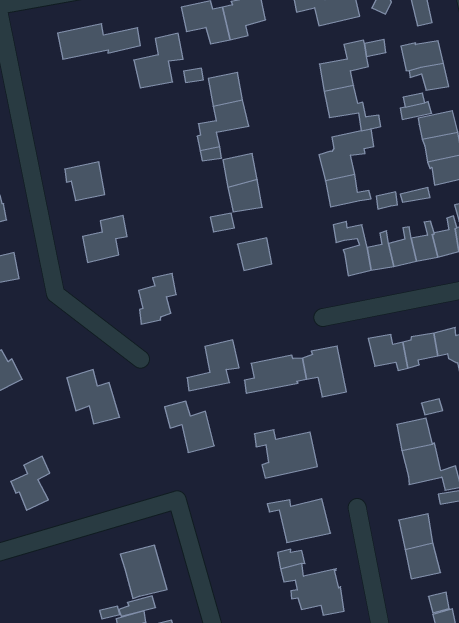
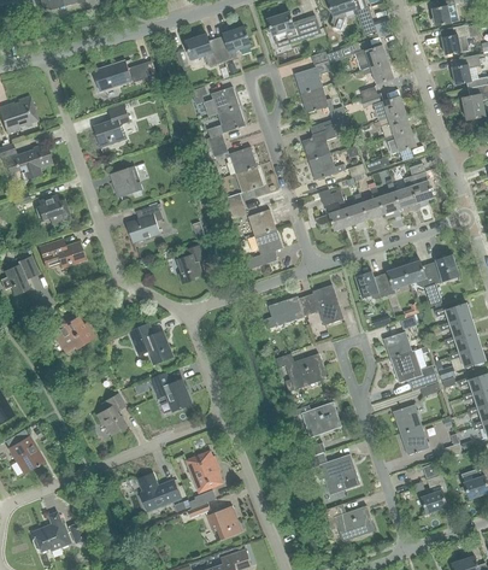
building: [134,33,183,88] -> [93,102,130,147]
building: [187,340,239,391] -> [243,228,282,270]
building: [165,401,214,452] -> [149,372,190,411]
building: none -> [140,474,180,512]

